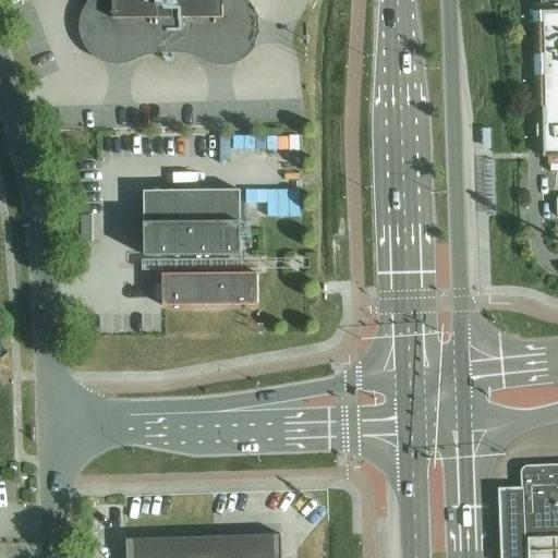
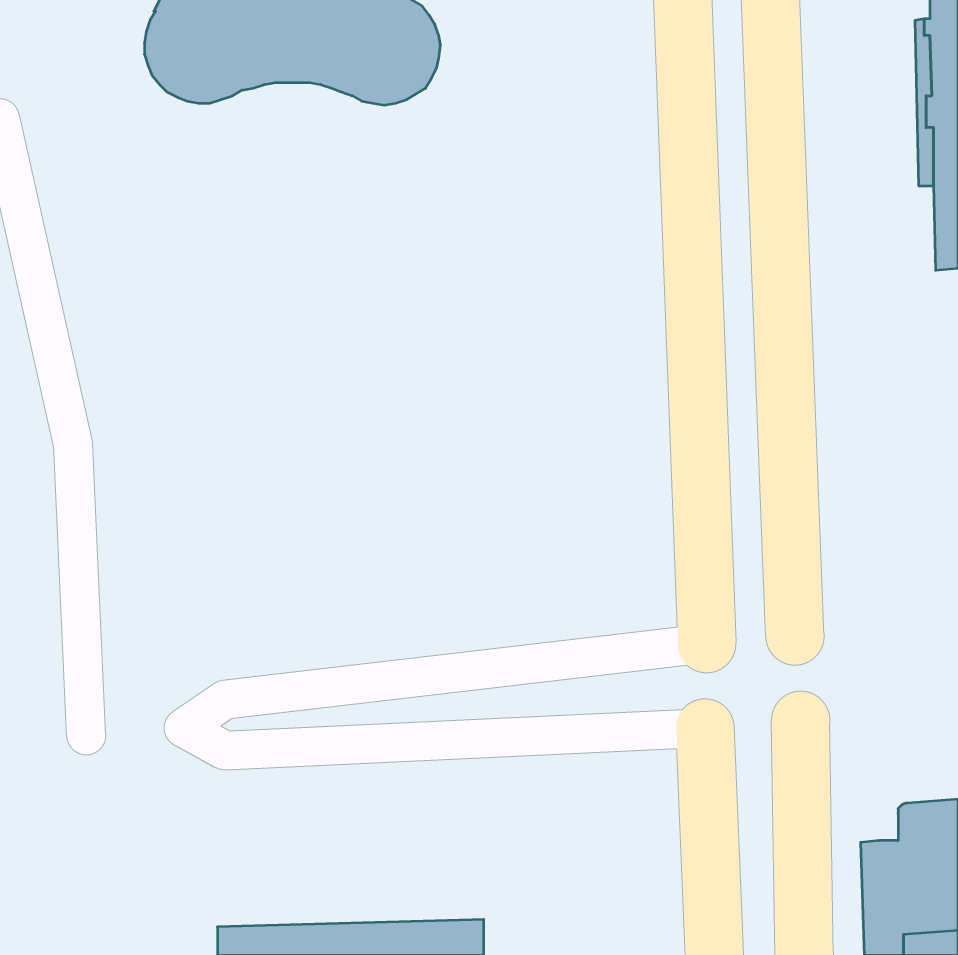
building: [145,190,258,306] -> none

